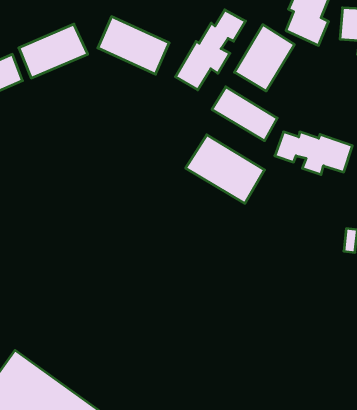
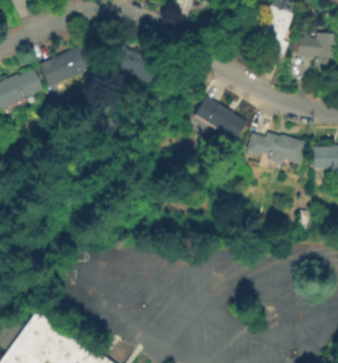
building: [175,10,246,90] -> none
building: [234,25,294,91] -> none
building: [186,135,265,203] -> none

